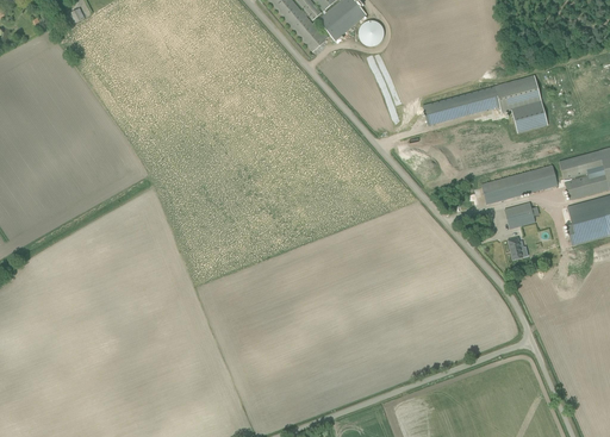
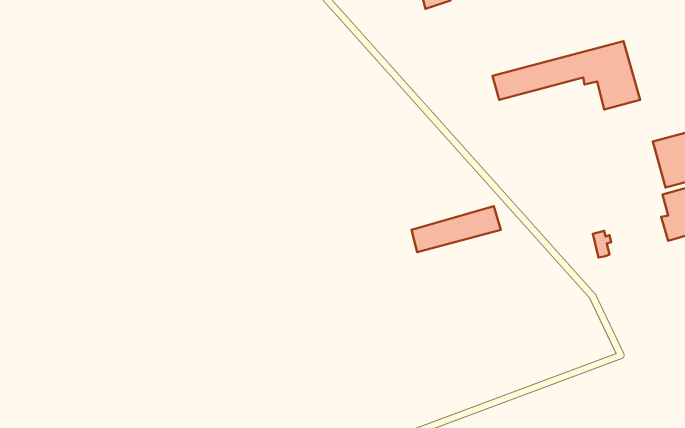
building: [481,164,558,204] -> [412,206,501,252]
building: [504,202,540,229] -> none

